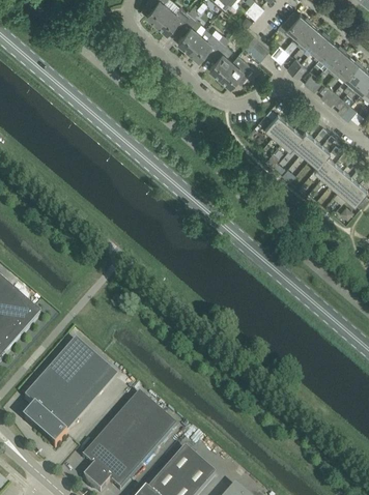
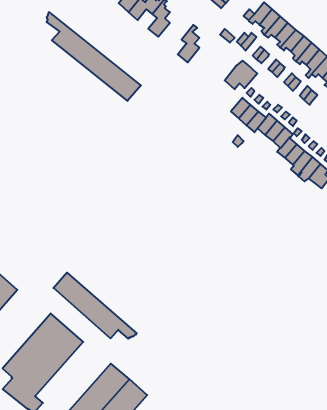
building: none -> [47,12,141,101]
building: [188,29,225,59] -> none
building: [219,56,253,86] -> [225,61,257,89]
building: none -> [53,273,137,339]

